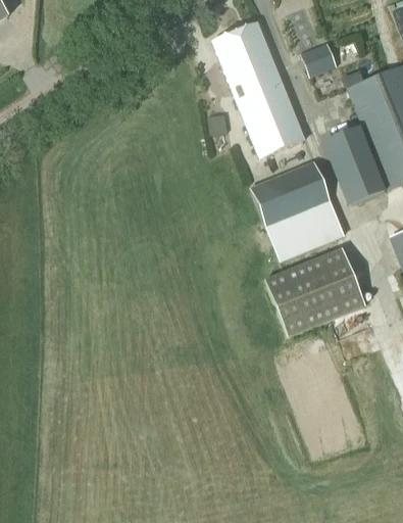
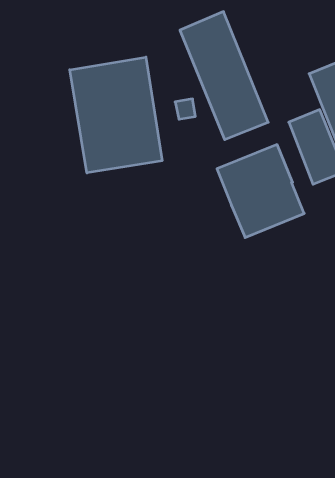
building: [301,42,337,76] -> none
building: none -> [70,57,162,173]
building: [264,246,367,337] -> none

